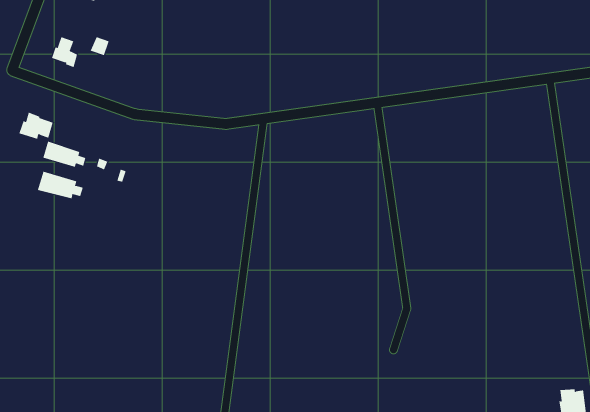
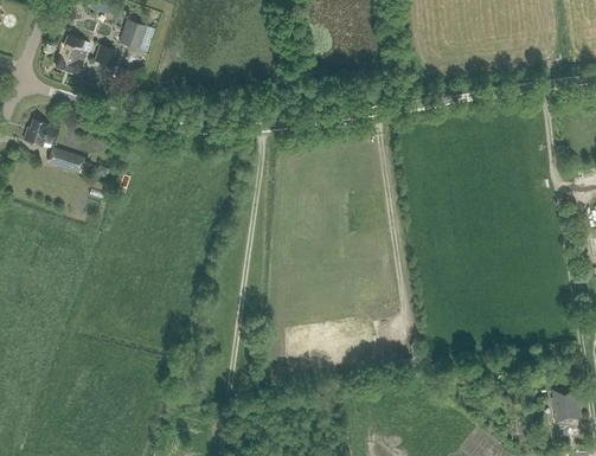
building: none -> [118,19,147,49]
building: [37,171,83,199] -> none

